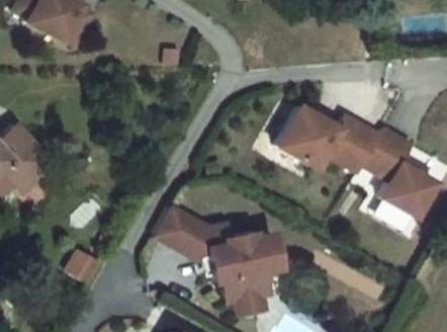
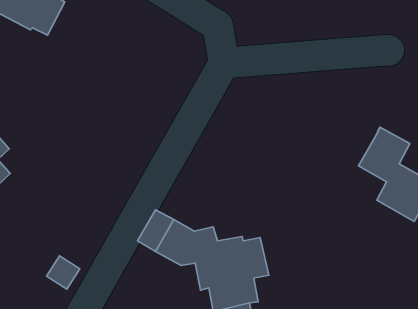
building: [278,118,381,185] -> none

